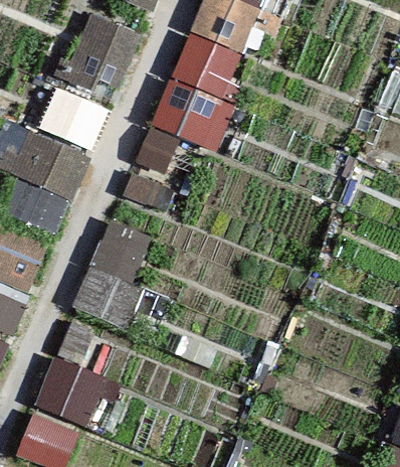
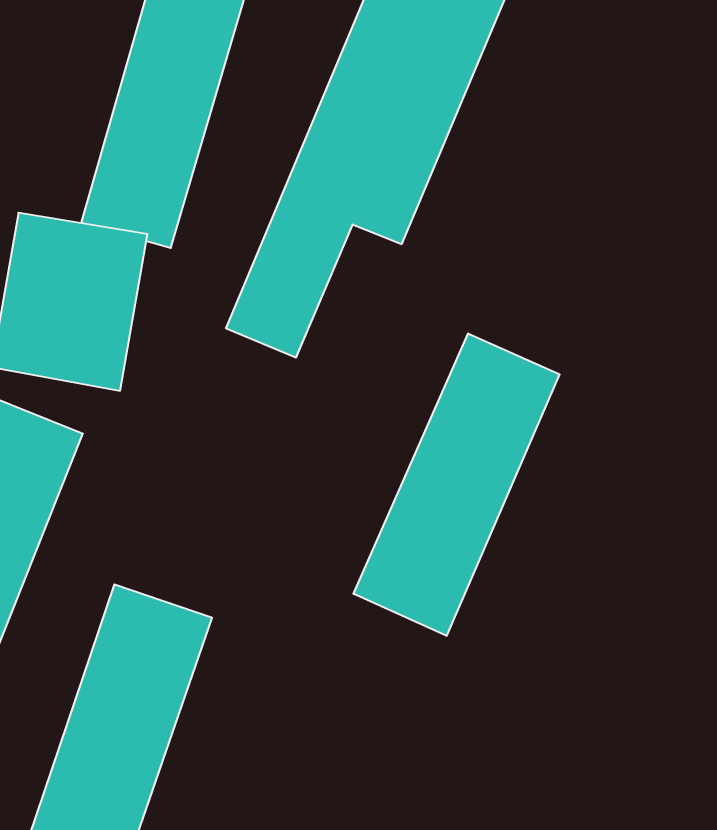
building: none -> [353,333,560,636]
building: [72,220,156,325] -> none

